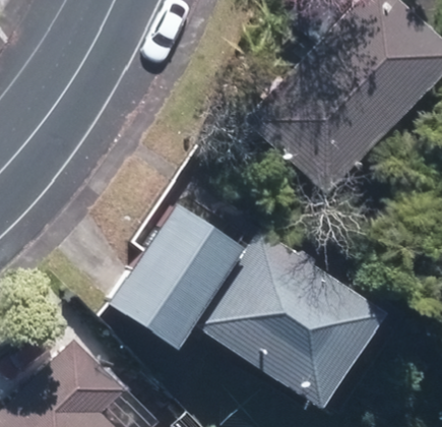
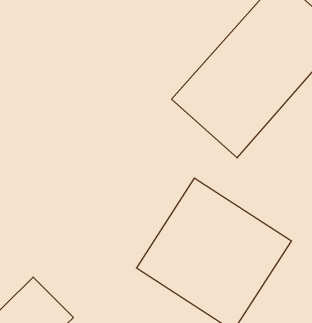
building: [112,204,249,353] -> none

